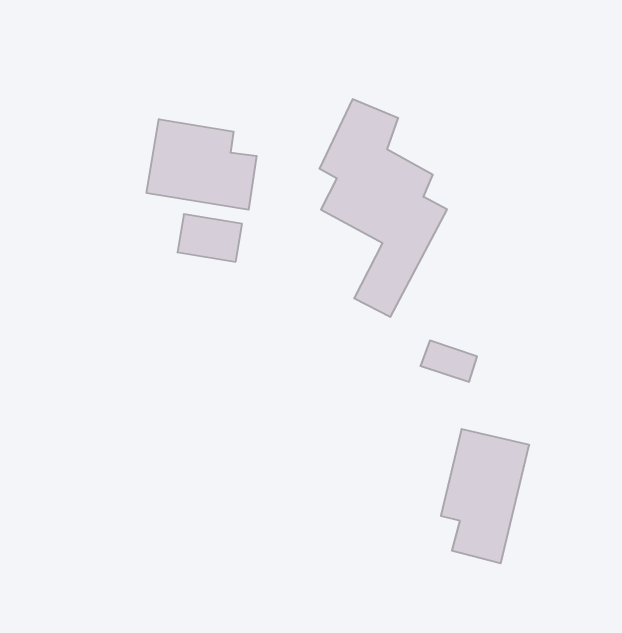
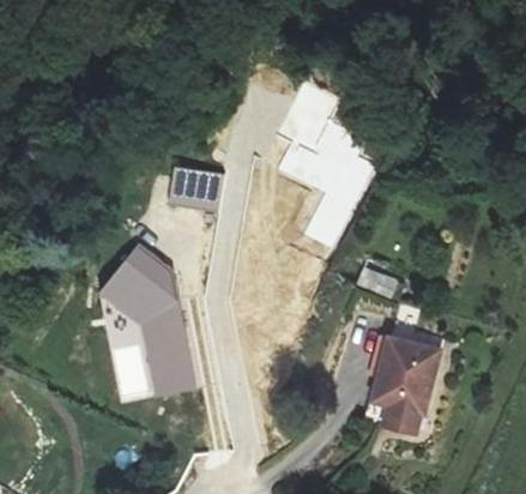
building: [147,119,257,210] -> none
building: none -> [99,245,193,394]

